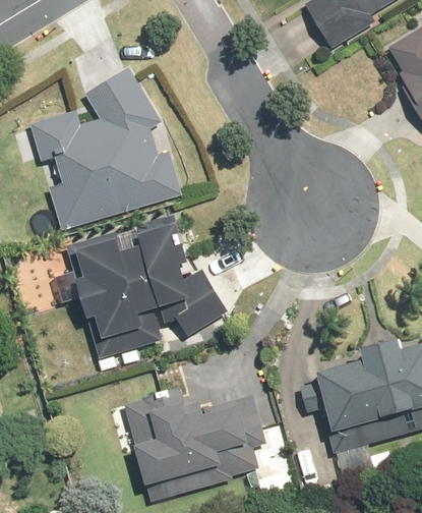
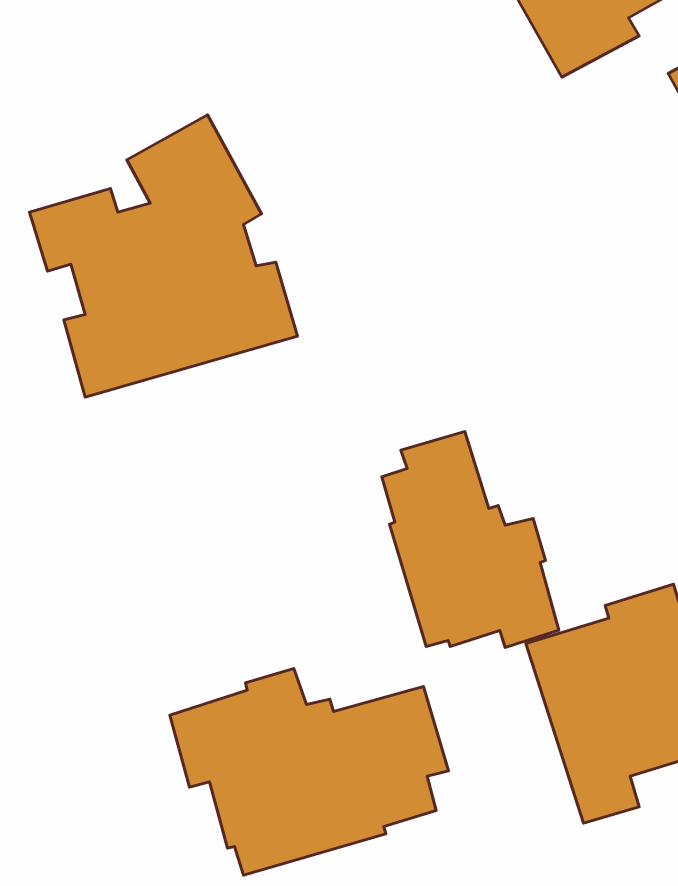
building: [71,223,222,357] -> none
building: none -> [382,431,559,647]

